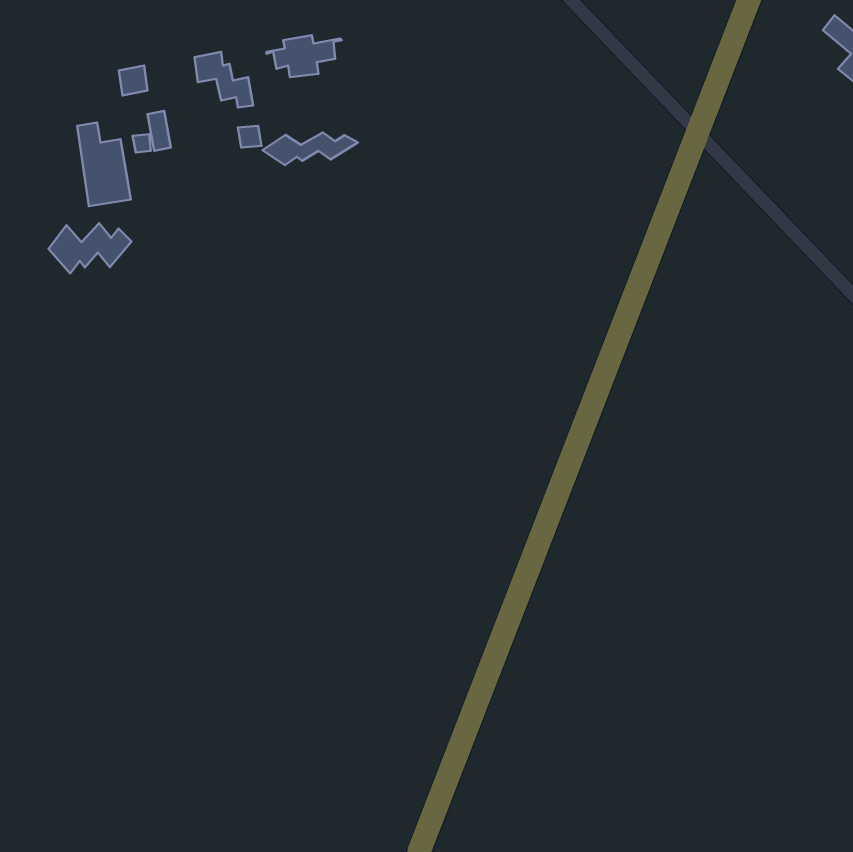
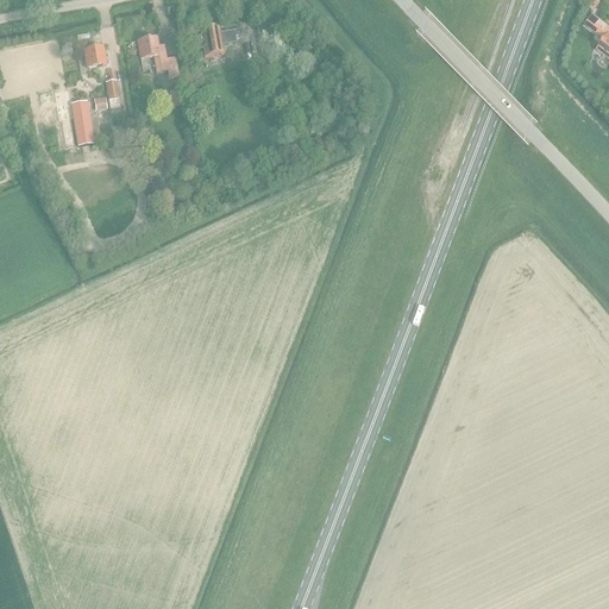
building: [263,132,358,165] -> none
building: [48,223,132,273] -> none

